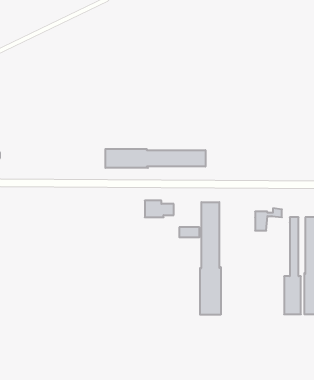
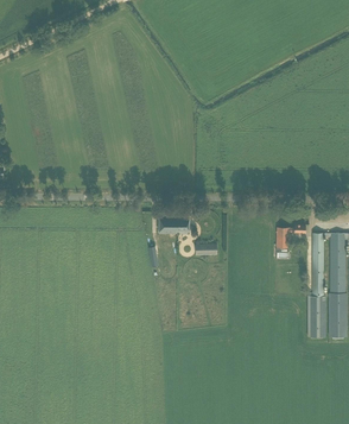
building: [105,149,205,168] -> none
building: [200,202,221,315] -> none

